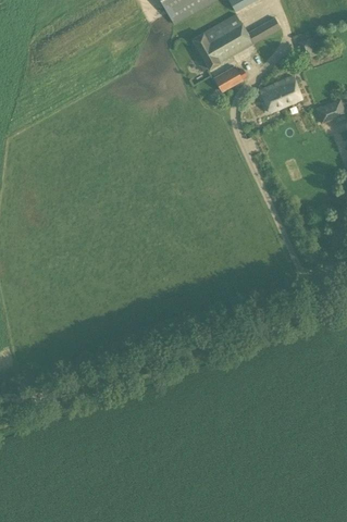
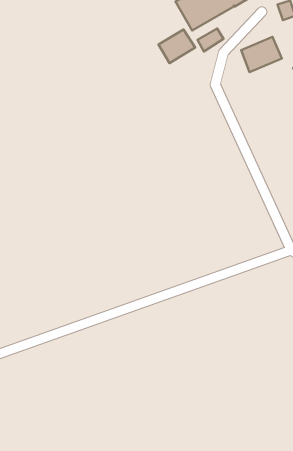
building: none -> [158,30,195,63]

